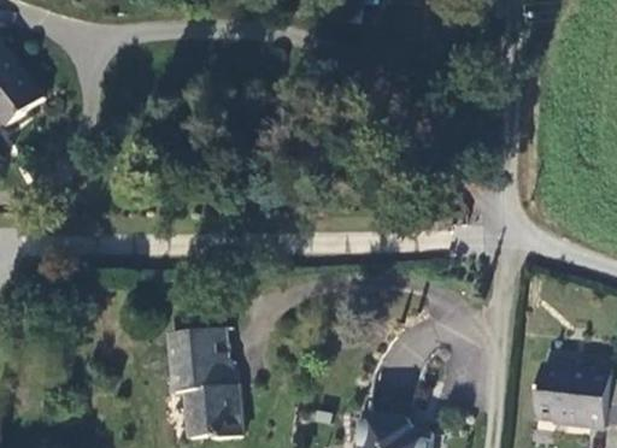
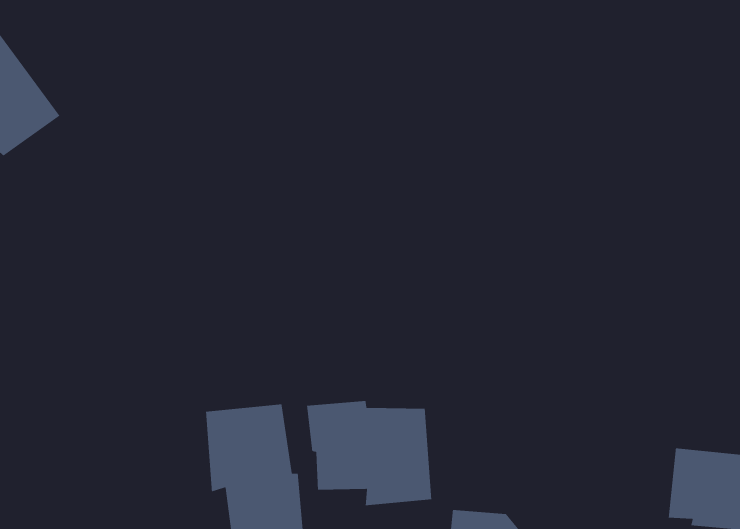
building: none -> [306,400,432,506]

